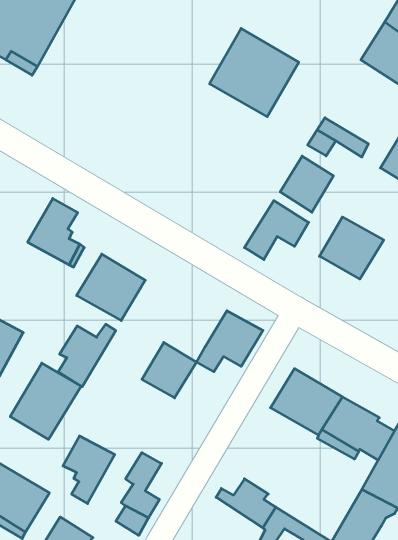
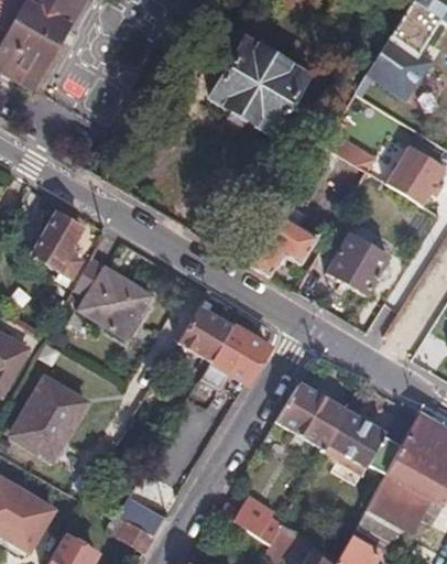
building: [280,156,333,212] -> none
building: [58,324,116,387] -> none
building: [142,342,196,398] -> [178,305,233,361]
building: [63,436,115,504] -> none

